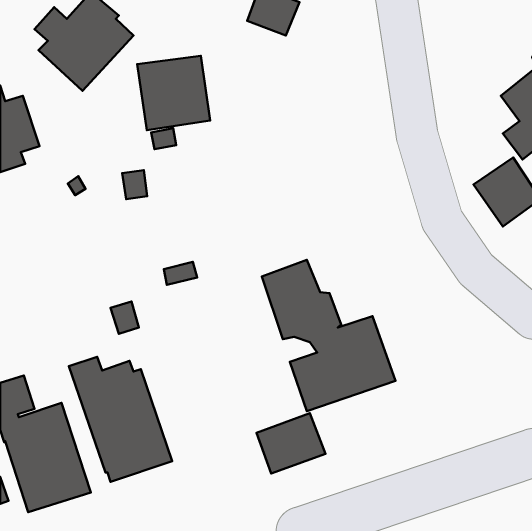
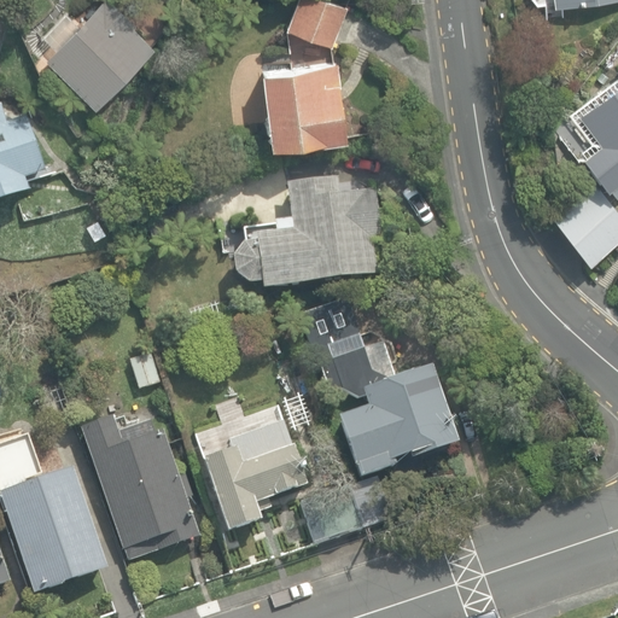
building: [137,56,210,130] -> [261,57,345,142]
building: none -> [232,175,380,288]
building: none -> [203,418,305,527]

